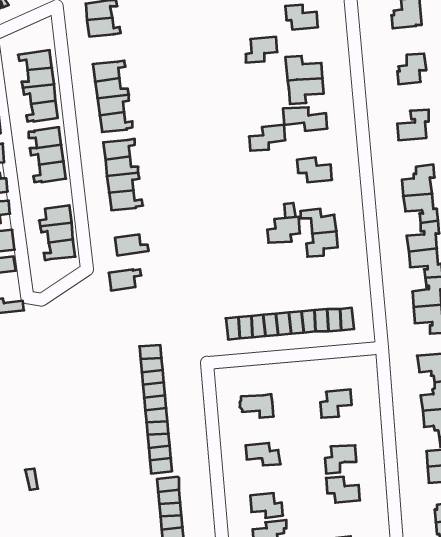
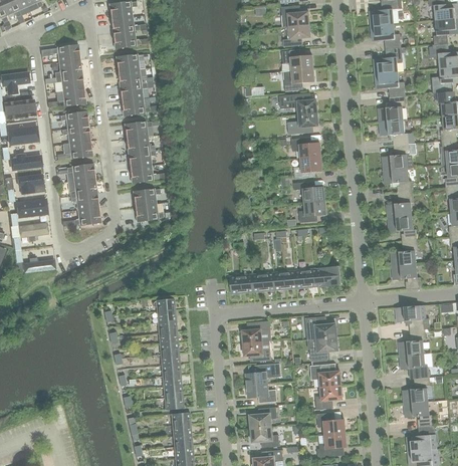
building: none -> [373,23,400,48]
building: none -> [111,30,141,47]
building: [246,37,277,62] -> [282,24,309,46]
building: none -> [378,71,404,96]
building: [249,125,285,151] -> [286,111,317,134]
building: none -> [378,120,408,145]
building: none -> [65,163,94,181]
building: [267,217,300,243] -> [293,156,321,178]
building: [109,269,141,290] -> [132,188,160,206]
building: none -> [303,315,336,338]
building: none -> [240,320,270,342]
building: none -> [245,363,280,385]
building: none -> [309,364,340,386]
building: none -> [248,406,276,428]
building: none -> [316,432,346,457]

